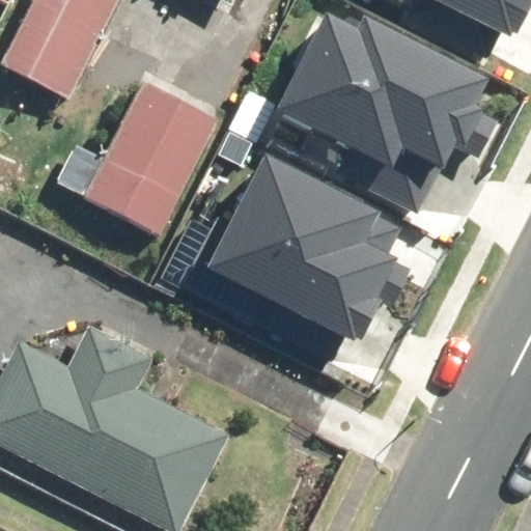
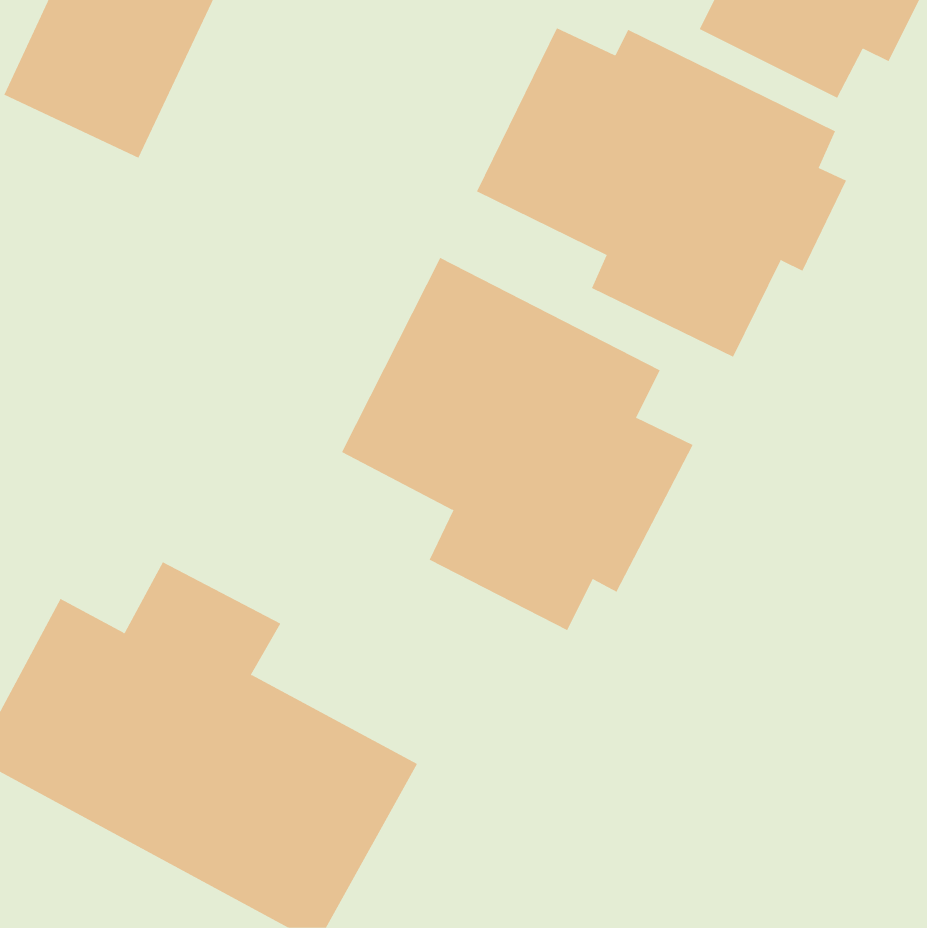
building: [79,73,226,248] -> none

